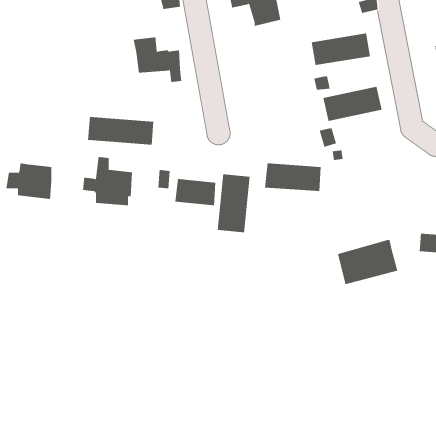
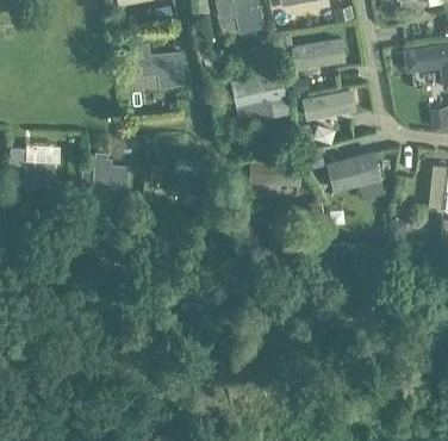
building: none -> [230,70,290,117]
building: [88,116,154,145] -> none
building: [217,173,250,233] -> none
building: [337,239,398,285] -> [325,151,381,193]

